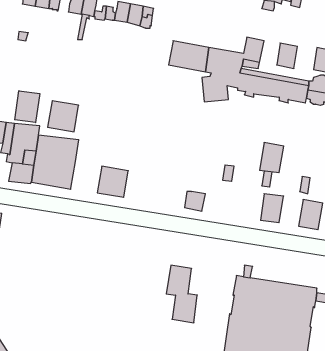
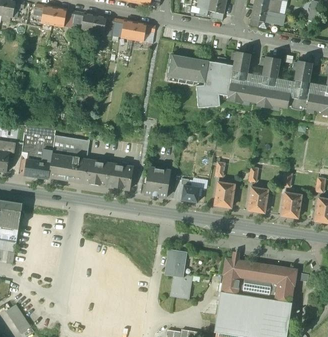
building: [15,91,40,123] -> none
building: [48,101,79,132] -> [82,159,109,186]
building: [260,143,284,173] -> [213,181,234,207]
building: none -> [143,167,170,197]

